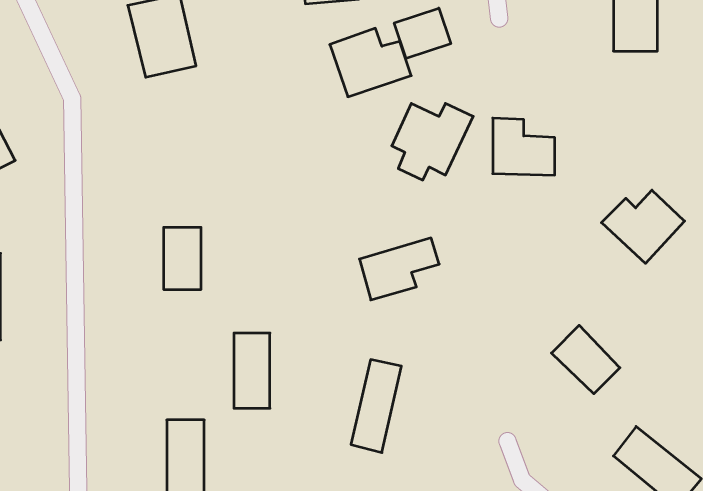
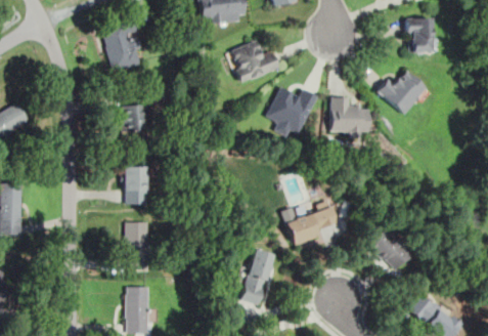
building: [394,8,451,59] -> none
building: none -> [118,101,149,134]
building: [601,190,685,263] -> [376,70,429,116]
building: [359,238,439,300] -> [285,206,336,245]
building: [234,333,270,408] -> [126,221,148,268]

